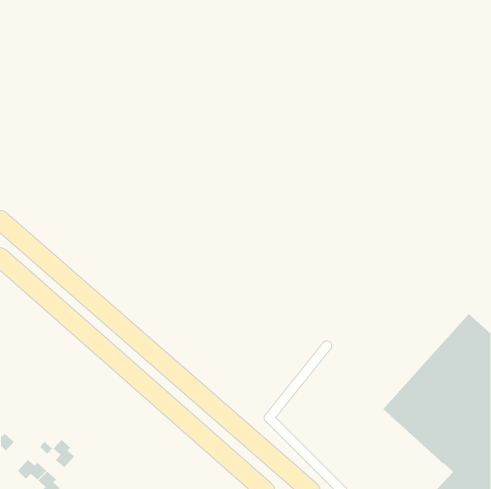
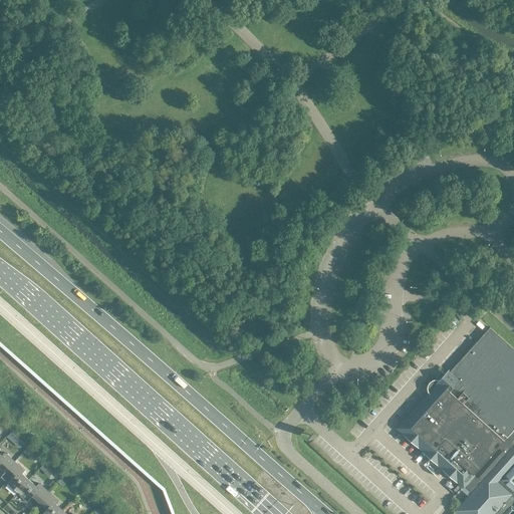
building: [53,439,75,468] -> [6,464,29,494]

